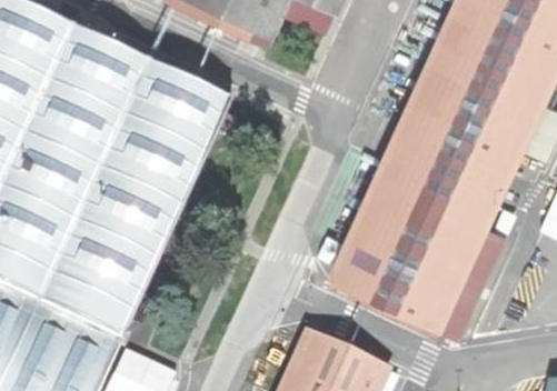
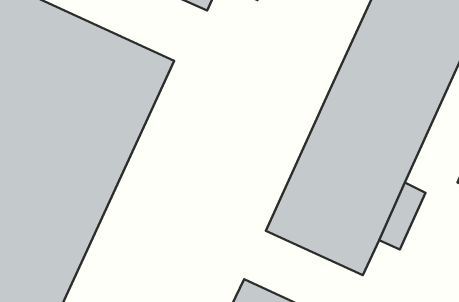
building: [436,290,476,338] -> none

